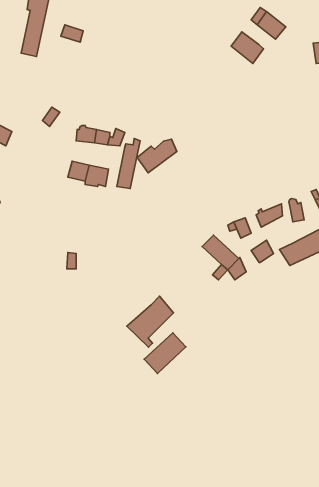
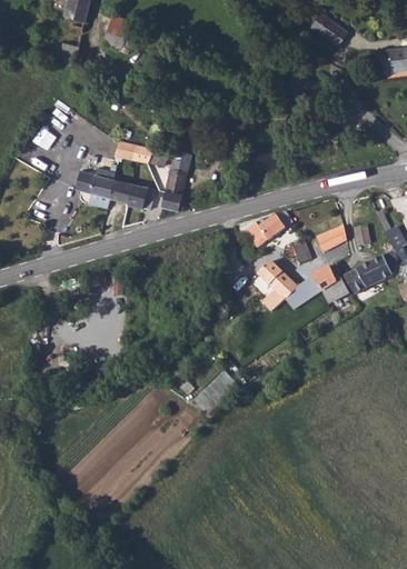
building: [231,32,264,63] -> none
building: [137,139,177,173] -> [245,210,288,247]
building: none -> [76,168,117,197]
building: [127,296,173,347] -> none

